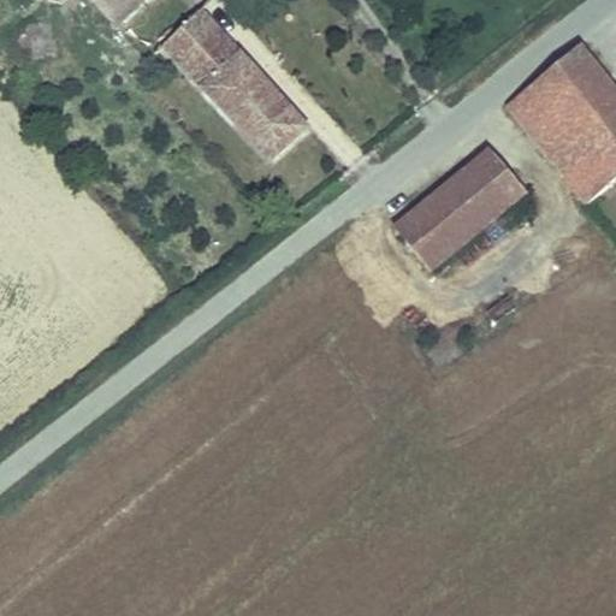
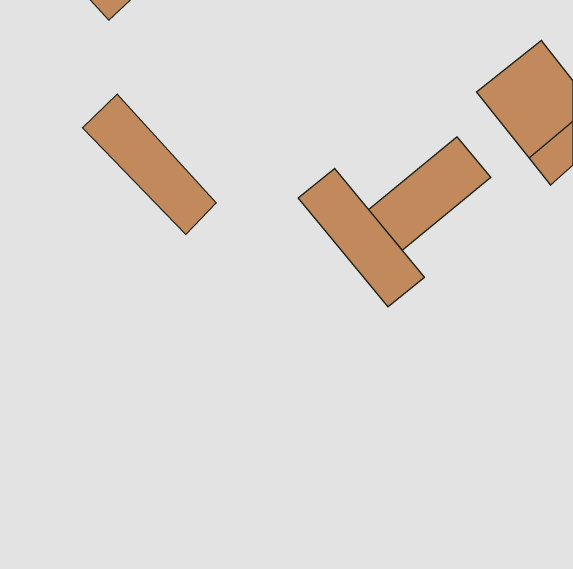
building: [162,6,306,156] -> [82,94,216,234]
building: none -> [298,168,424,307]

